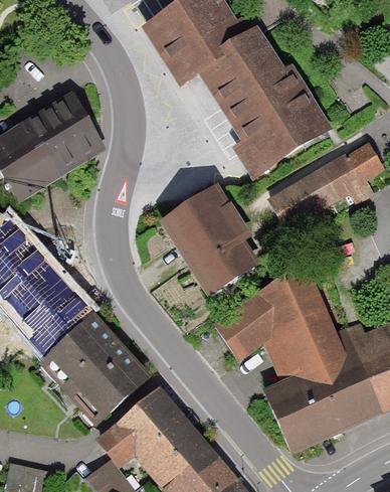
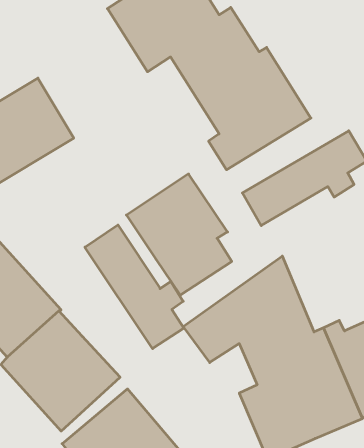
building: none -> [85,225,184,349]

